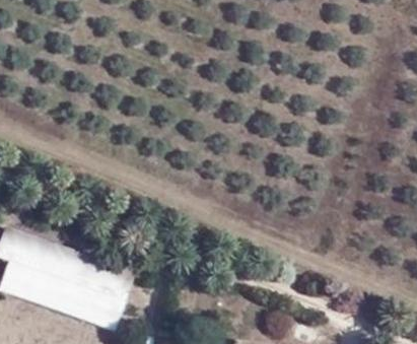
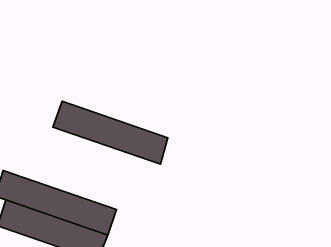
building: none -> [53,101,168,164]

